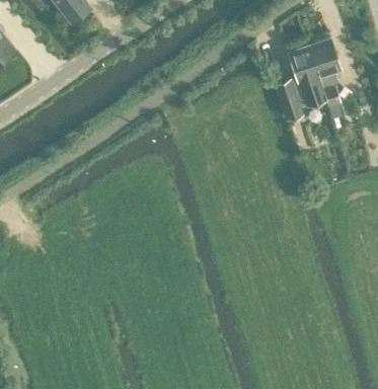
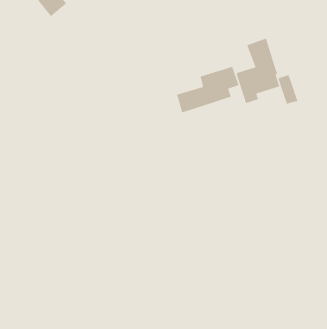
building: [310,41,341,88] -> none
building: none -> [176,66,239,113]

